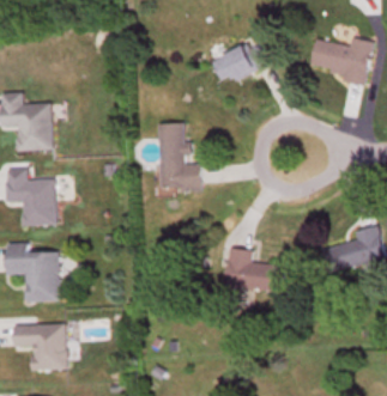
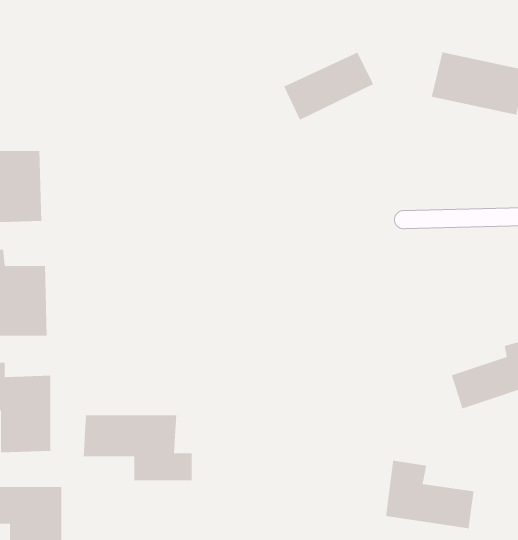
building: [158,122,201,191] -> none
building: [225,246,284,292] -> [385,460,475,529]
building: none -> [83,415,193,481]

